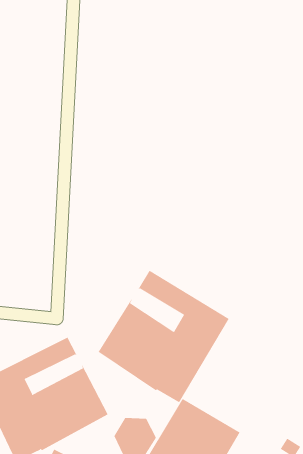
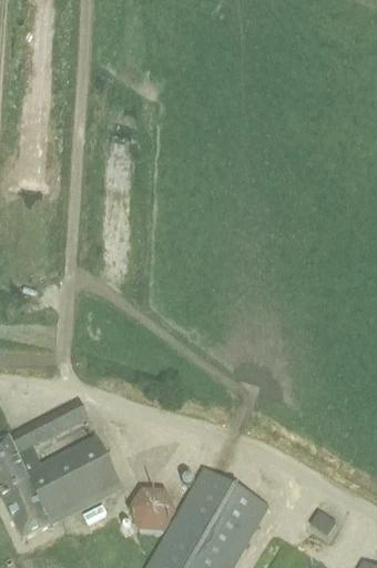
building: [98,270,229,403] -> none

